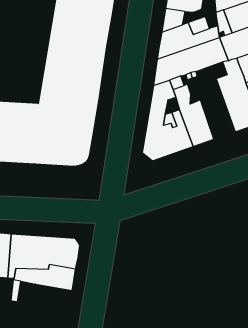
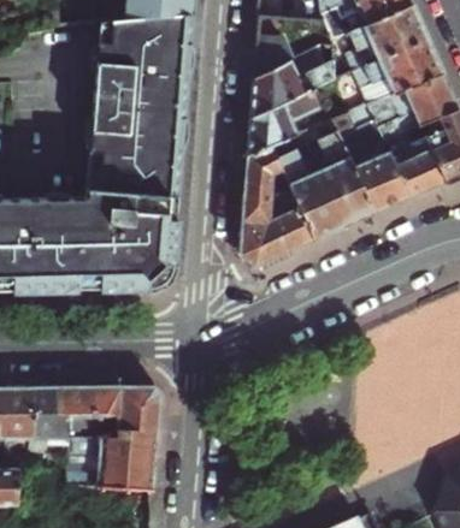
building: none -> [315,113,372,226]
building: none -> [96,457,154,491]

